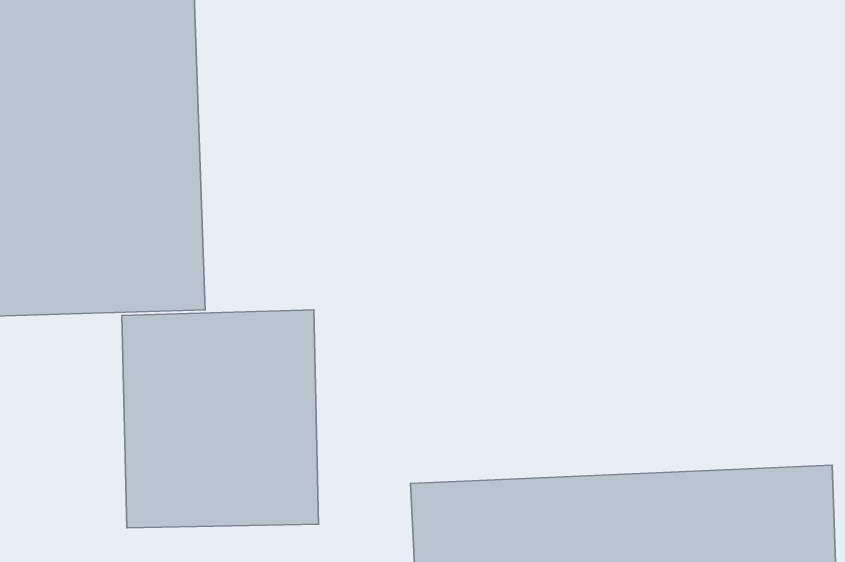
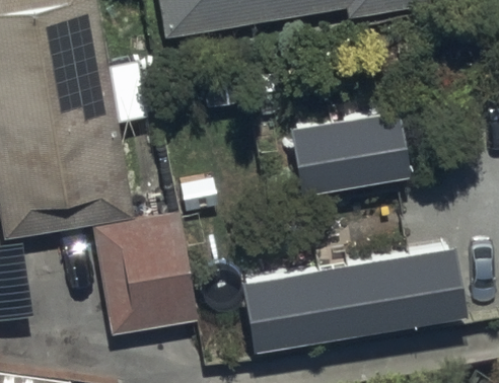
building: none -> [293,111,410,200]

